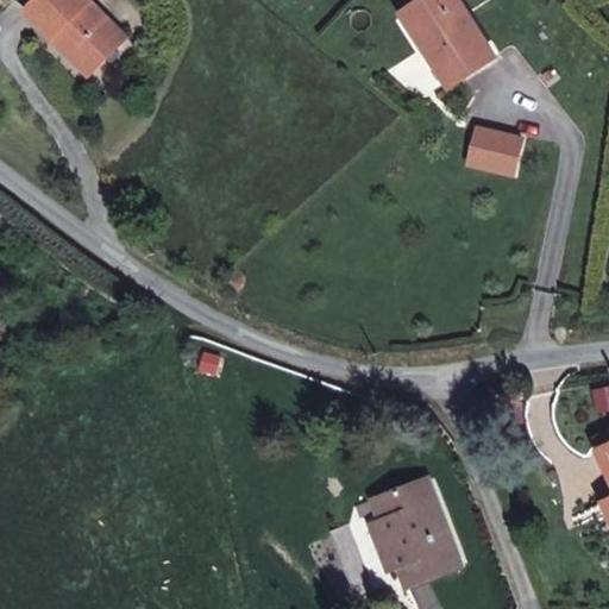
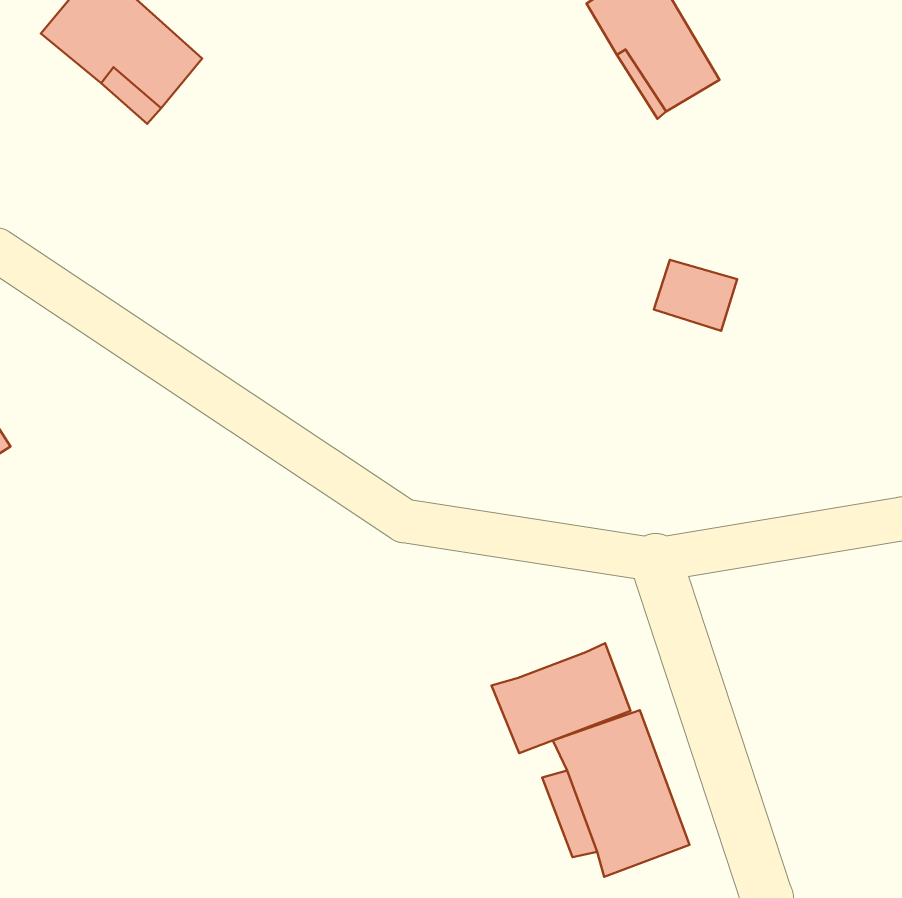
building: [453,125,509,172] -> [654,260,737,331]
building: none -> [492,643,630,753]

